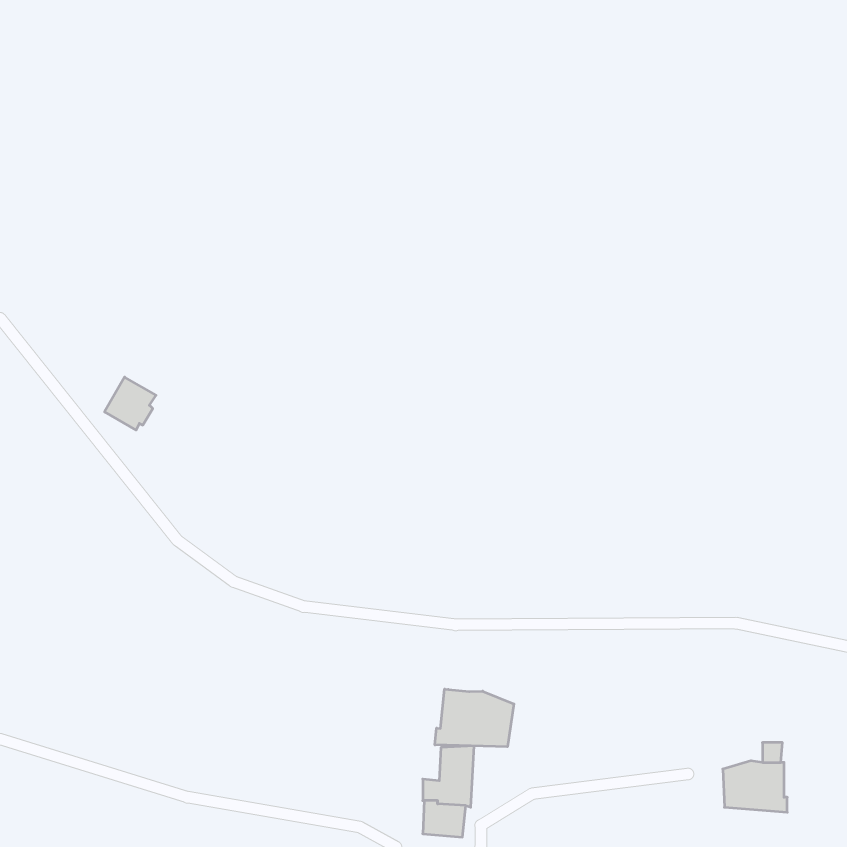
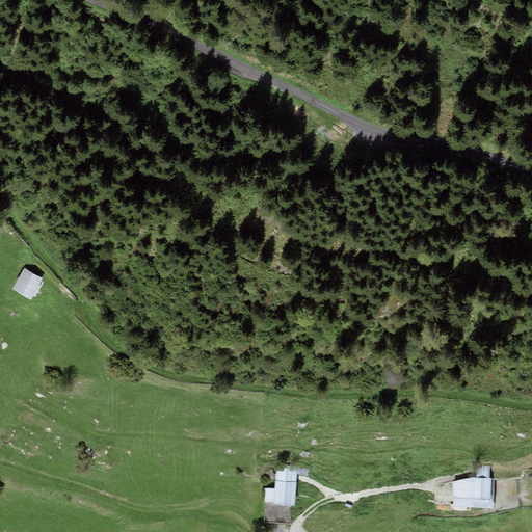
building: [105,377,156,430] -> [11,267,44,300]
building: [435,689,514,747] -> none

